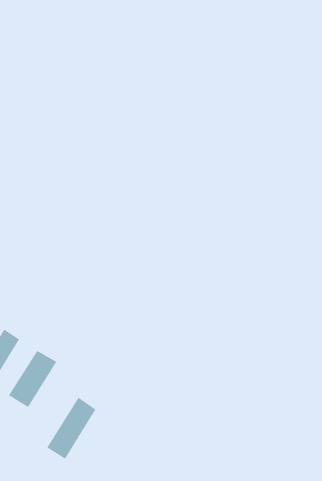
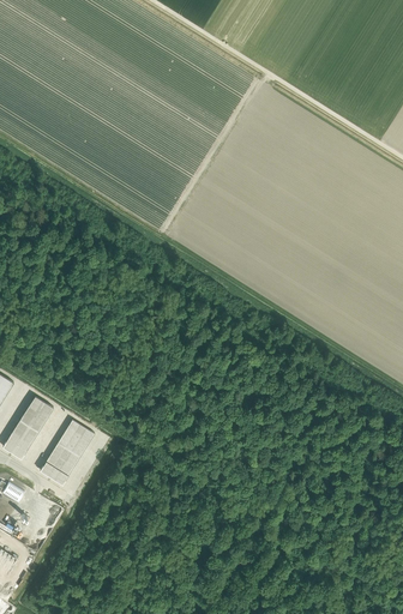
building: [46,397,96,460] -> none

